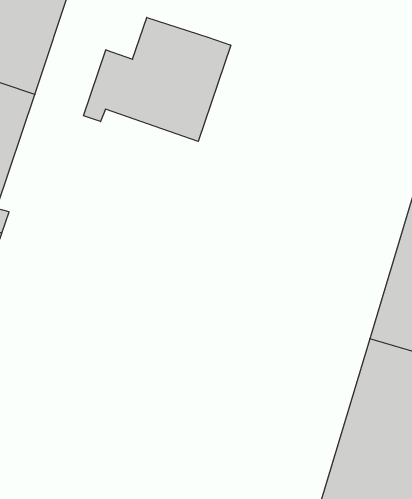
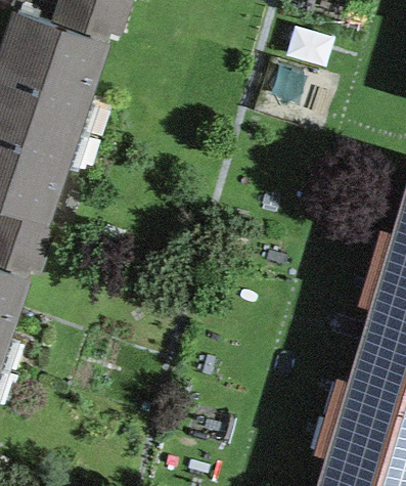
building: [83,17,231,141] -> none

